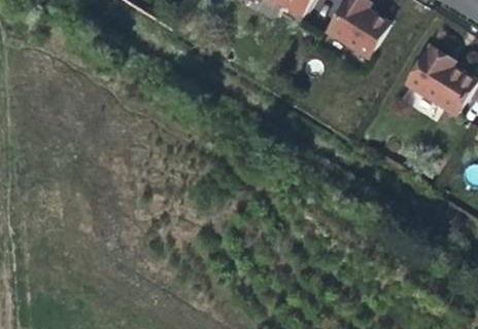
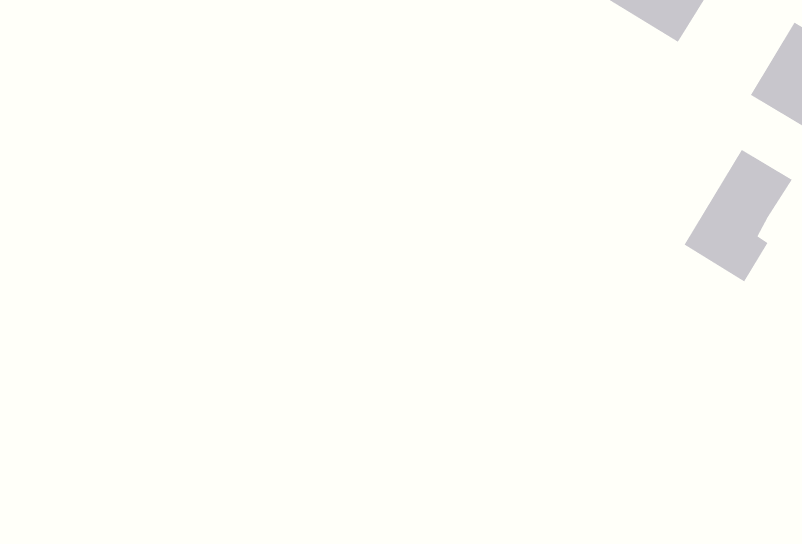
building: none -> [683,149,793,283]

